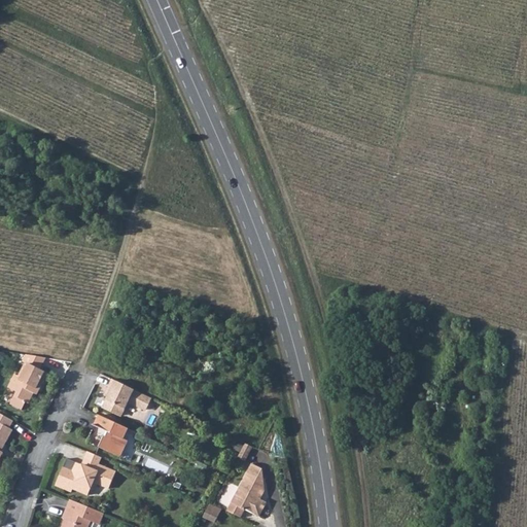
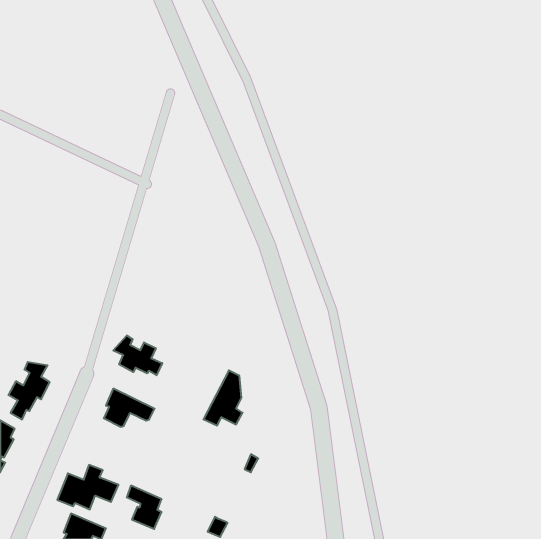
building: none -> [113,335,162,375]
building: [93,414,127,456] -> [127,486,162,529]
building: [226,463,265,517] -> [203,370,243,426]

